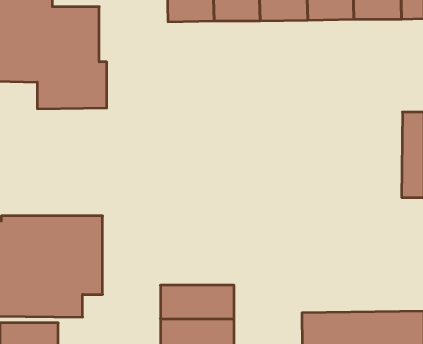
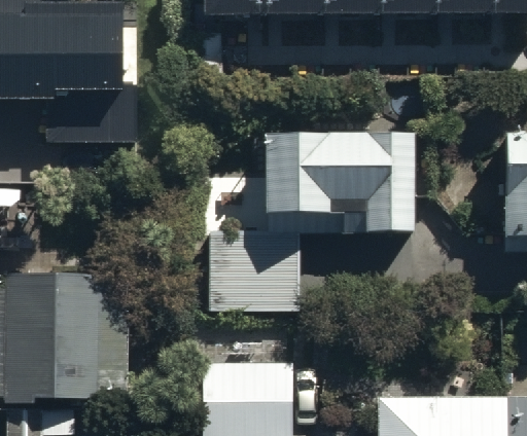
building: none -> [265,123,415,233]
building: none -> [209,230,298,311]

